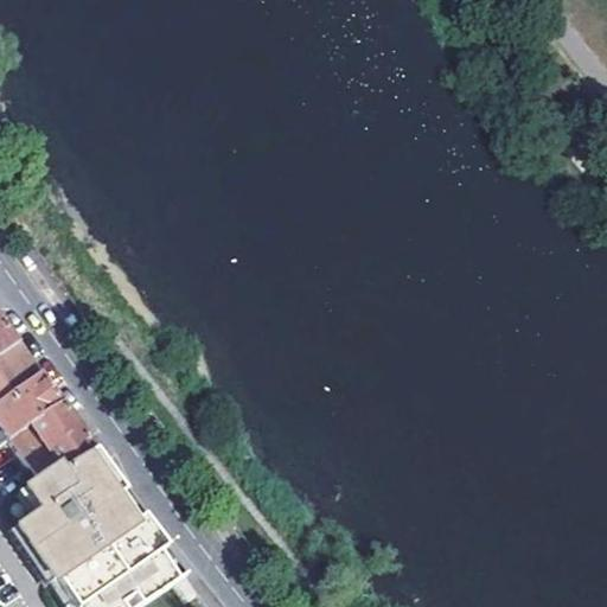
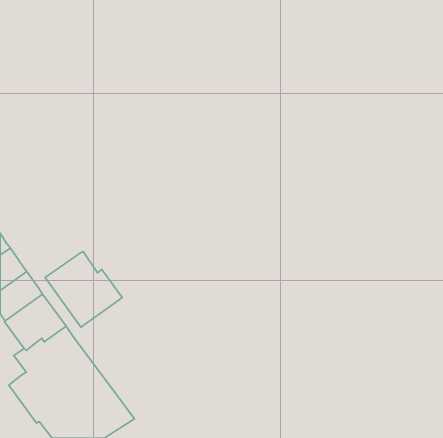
building: none -> [45,252,122,327]

